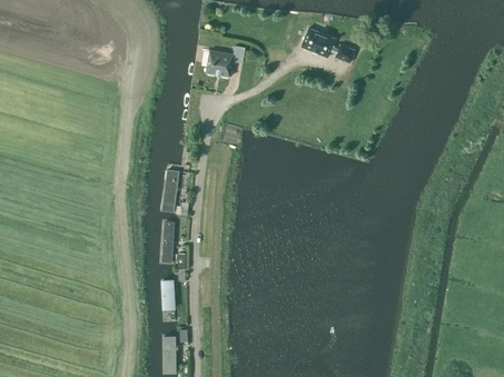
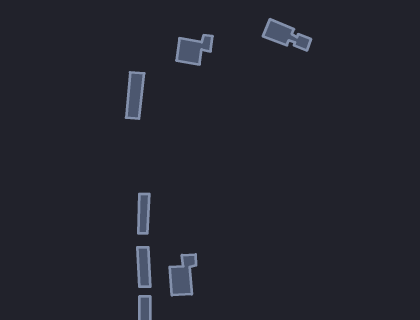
building: [160,162,180,214] -> [126,72,144,119]
building: none -> [170,254,196,295]

